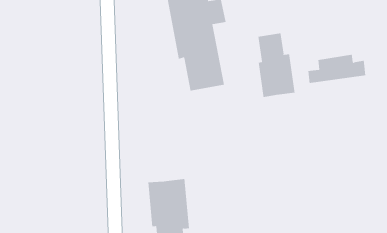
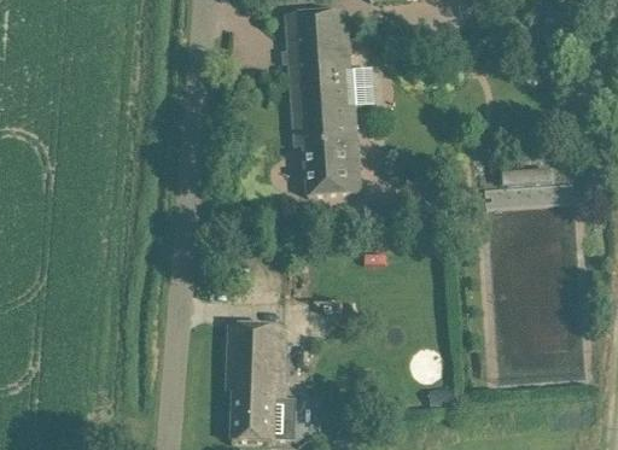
building: [258,33,295,98] -> none

